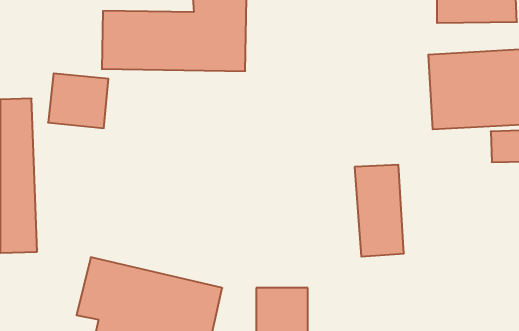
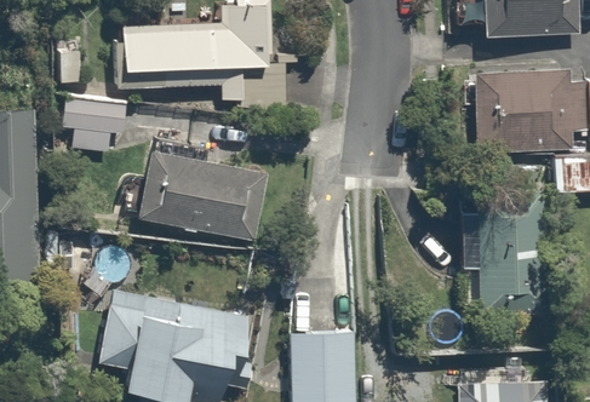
building: none -> [143,150,269,240]
building: [355,165,404,257] -> [471,209,526,311]

